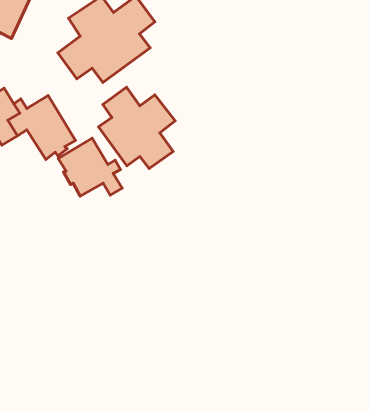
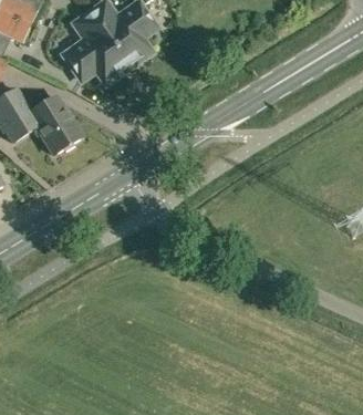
building: [99,87,175,169] -> none
building: [58,138,122,196] -> none

